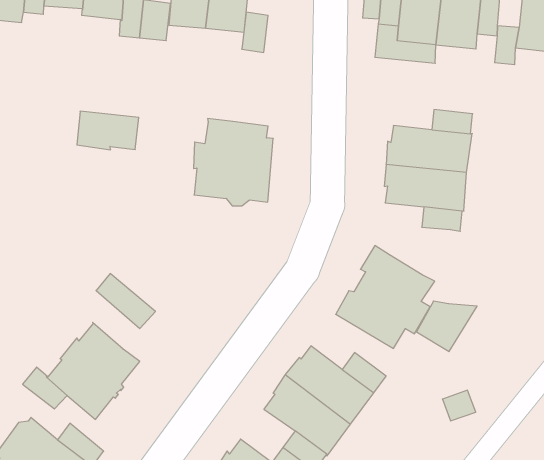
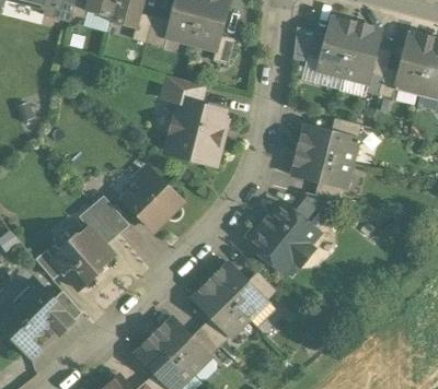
building: [77,111,139,150] -> [161,76,205,107]
building: none -> [124,172,182,229]
building: none -> [78,205,117,247]
building: [416,301,477,352] -> [290,192,333,227]

